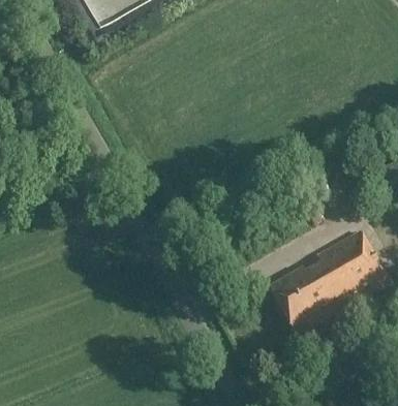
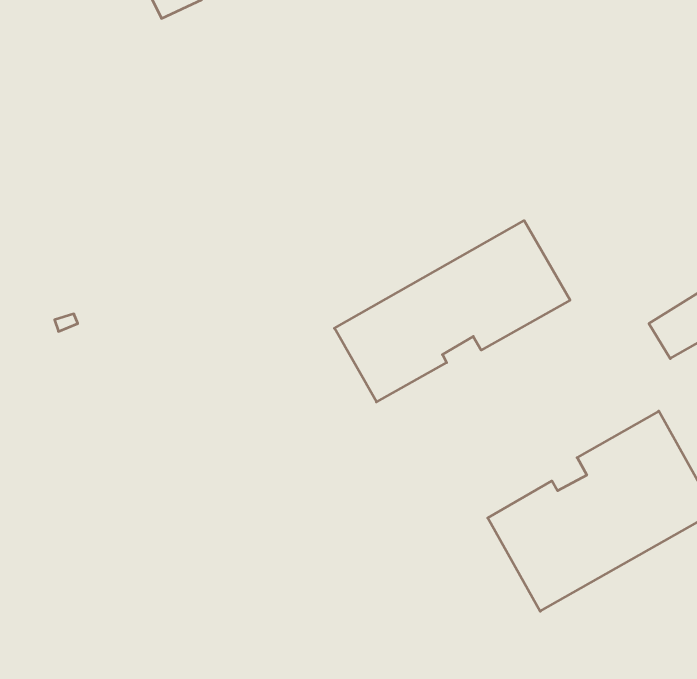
building: none -> [334,221,570,402]

